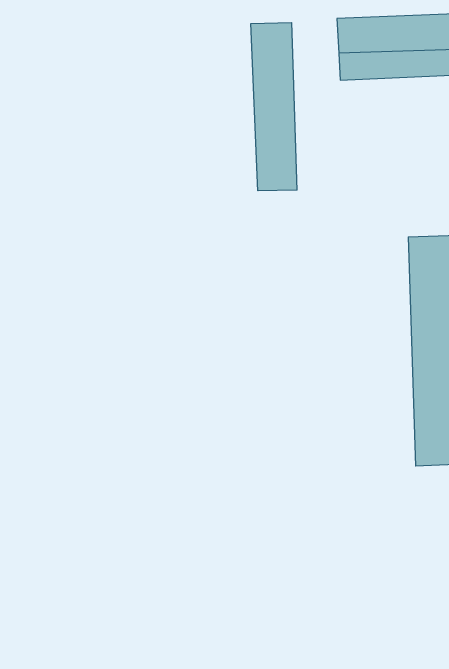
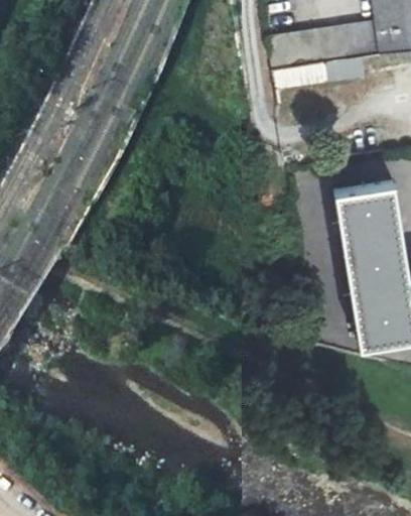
building: [251,23,297,191] -> none

